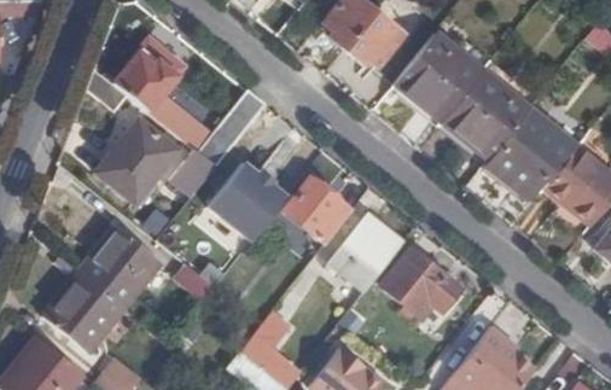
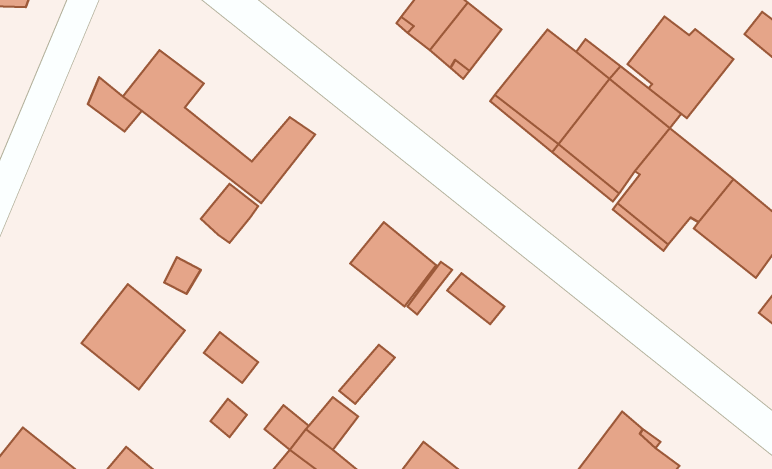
building: none -> [627,16,734,118]
building: [98,118,175,199] -> none
building: [206,159,286,239] -> none
building: [336,231,392,287] -> none
building: [383,251,459,315] -> none
building: [46,270,126,350] -> none

